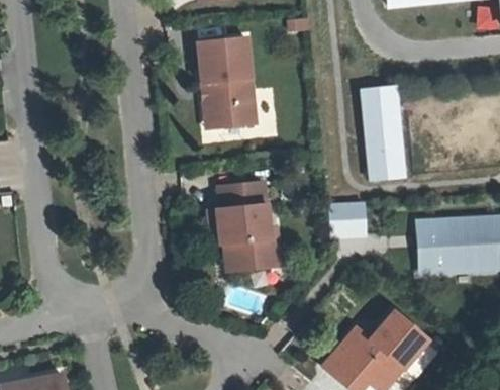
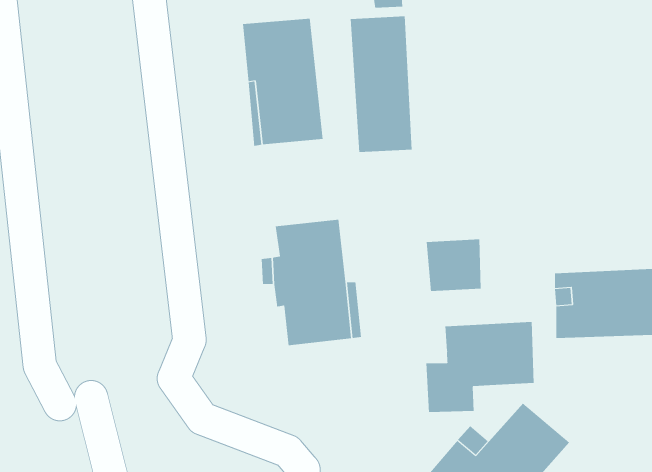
building: [362,84,406,181] -> [350,16,412,153]
building: none -> [426,321,534,413]

